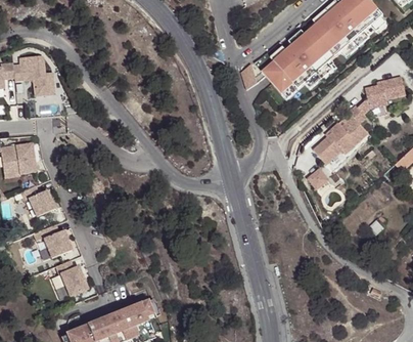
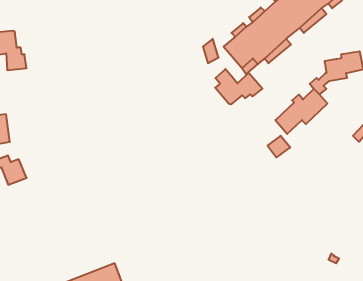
building: none -> [215,69,262,104]
building: [42,222,72,256] -> none
building: [60,264,88,295] -> none

